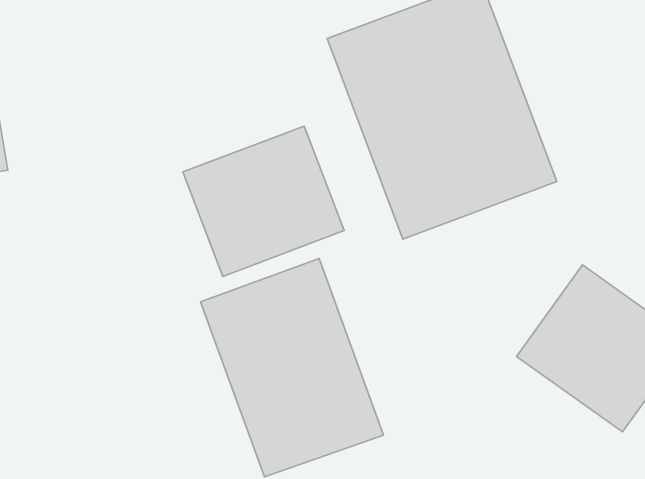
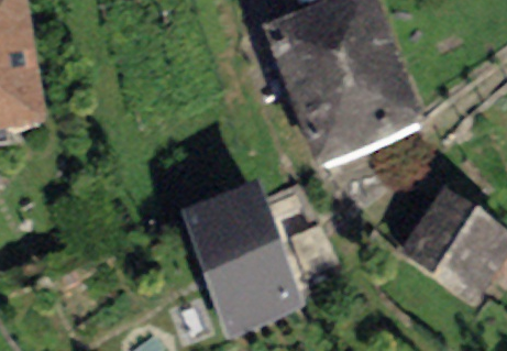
building: [183,126,344,276] -> none

